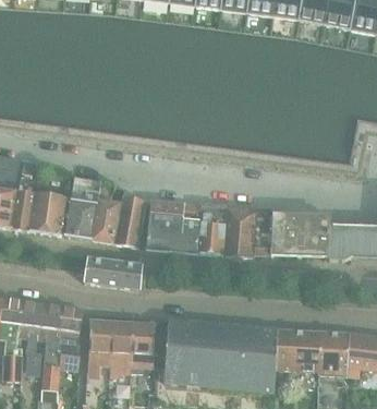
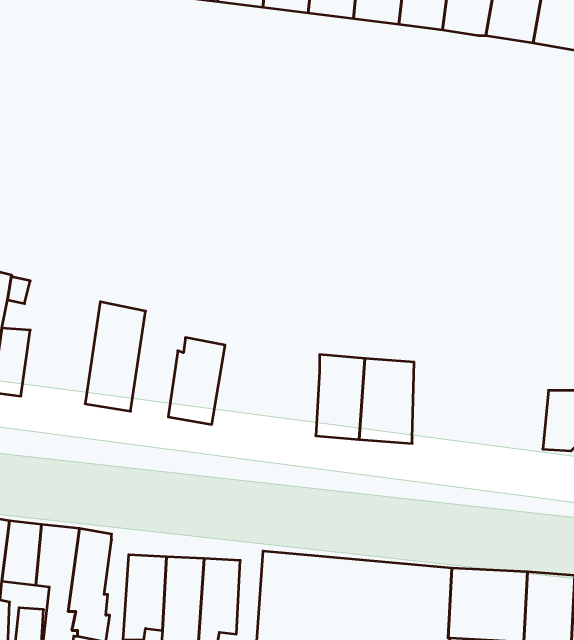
building: [92,180,119,241] -> none
building: [28,191,65,233] -> none
building: [146,201,200,252] -> none
building: [254,206,330,256] -> none
building: [85,255,142,289] -> none

